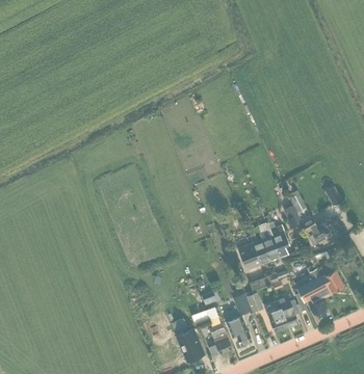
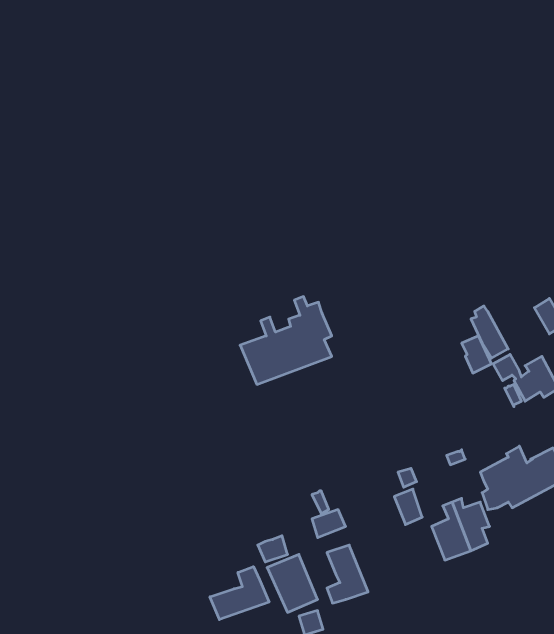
building: [237,222,288,271] -> [240,297,332,384]
building: [226,316,252,346] -> none
building: none -> [210,567,269,620]

